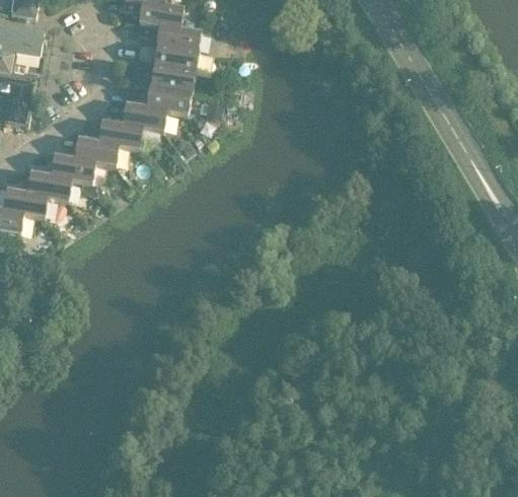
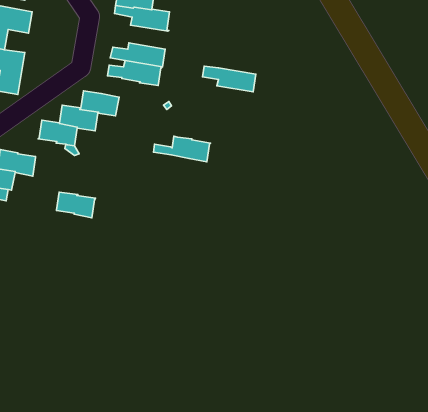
building: [136,42,197,71] -> [202,66,256,92]
building: [100,100,165,130] -> [154,136,210,162]
building: [25,169,70,199] -> [56,192,95,218]

